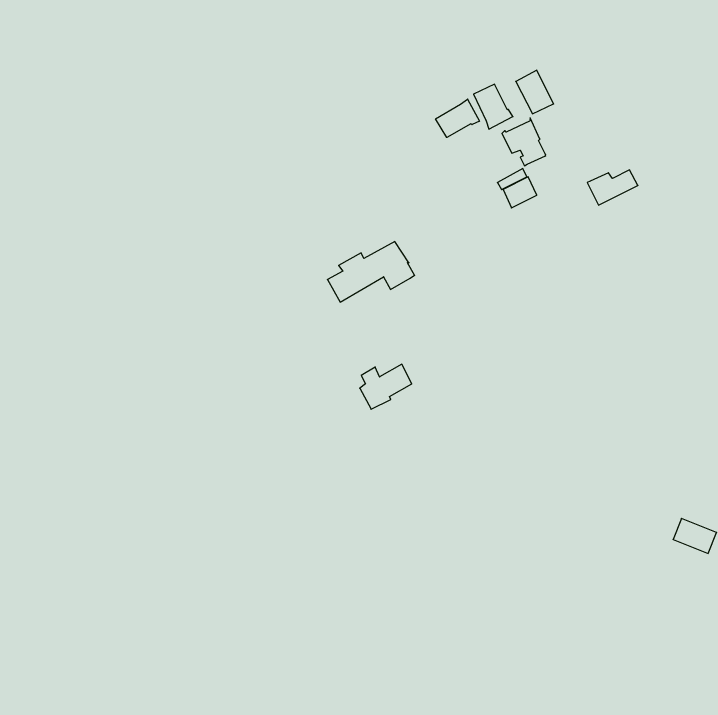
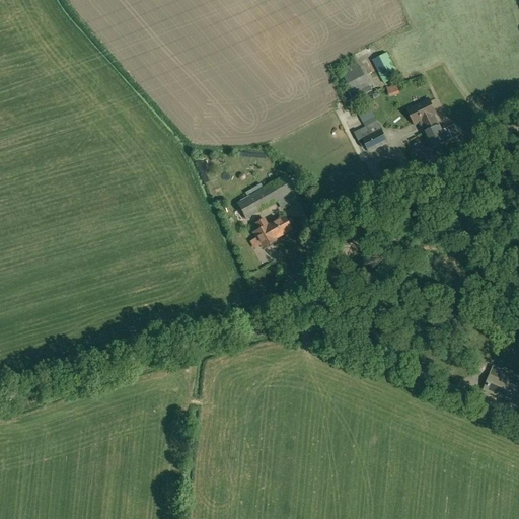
building: [436,99,479,137] -> none
building: [502,118,546,166] -> [407,97,439,132]
building: [360,364,412,409] -> [253,214,291,246]

